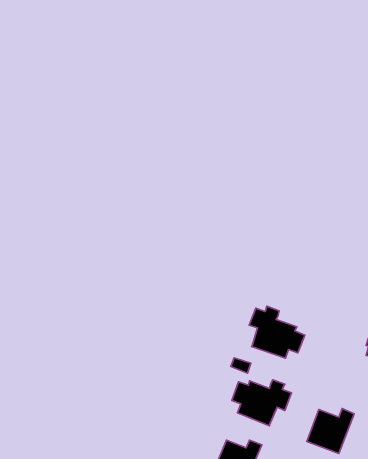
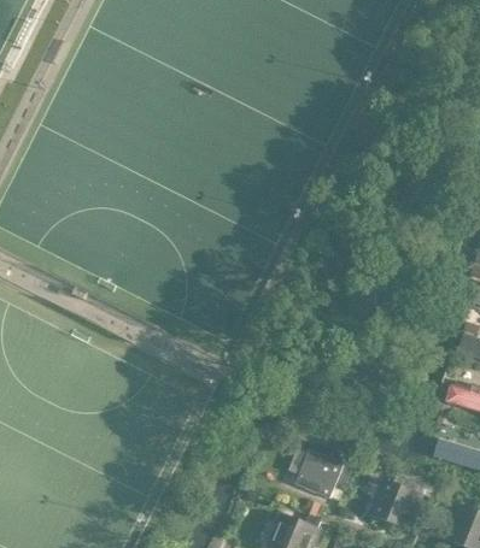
building: [249,306,305,358] -> none

